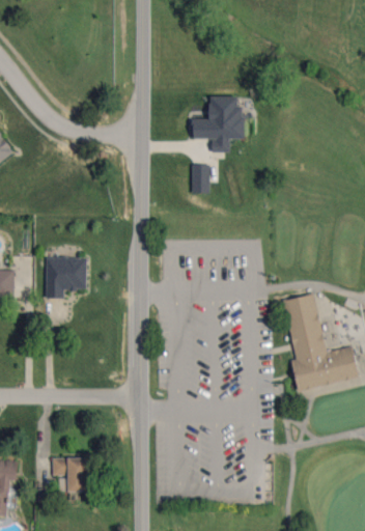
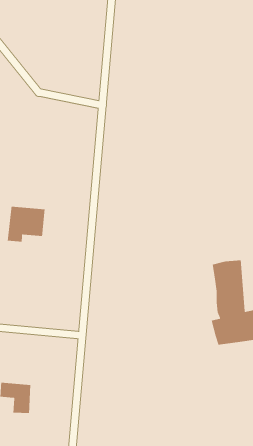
building: [193,94,244,151] -> none
building: [192,163,209,192] -> none

